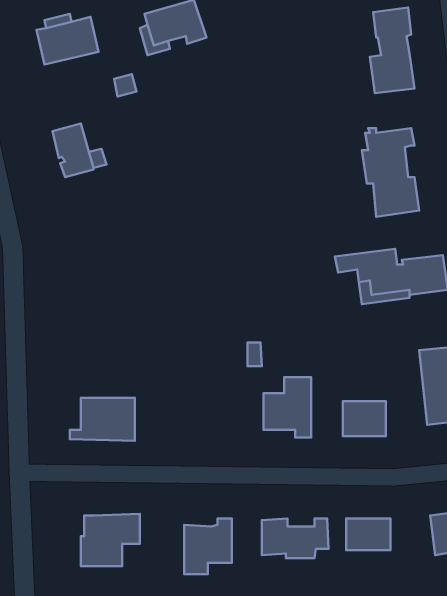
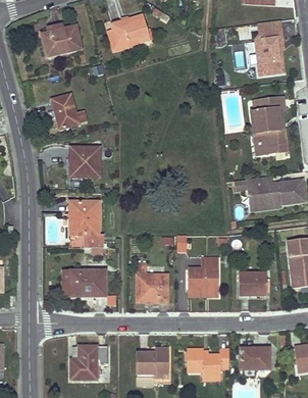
building: none -> [69,146,101,177]
building: none -> [69,201,103,247]
building: none -> [137,262,167,301]

